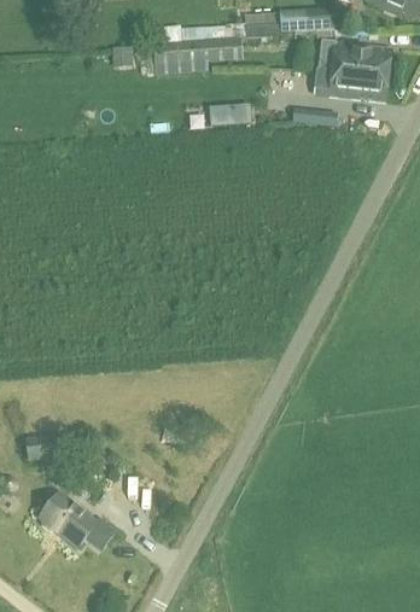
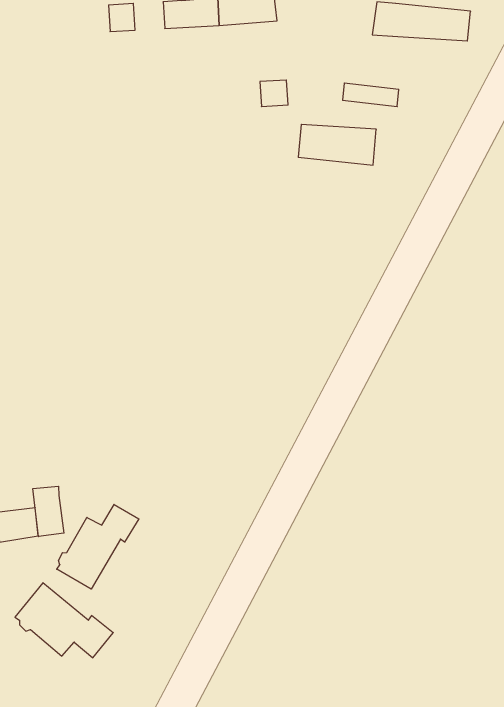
building: [328,70,389,101] -> [298,124,376,165]
building: none -> [33,486,64,537]
building: none -> [57,504,139,589]

